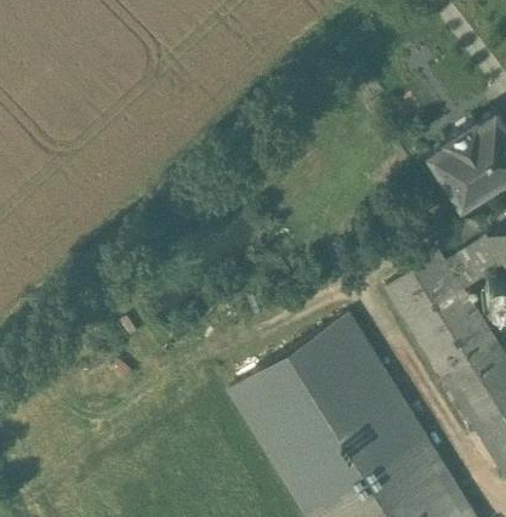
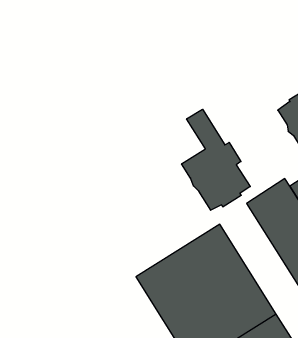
building: none -> [182,109,250,210]

